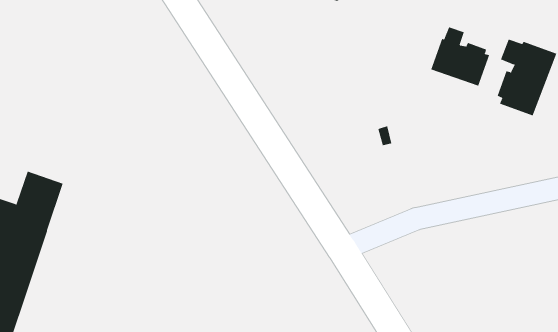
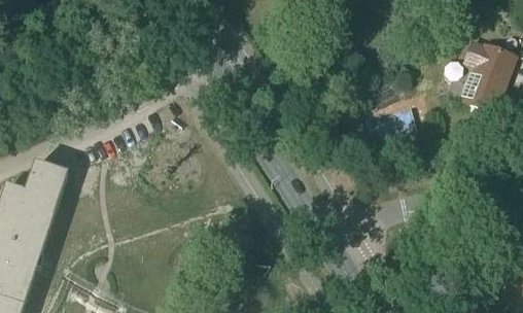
building: [430,26,490,86] -> none

